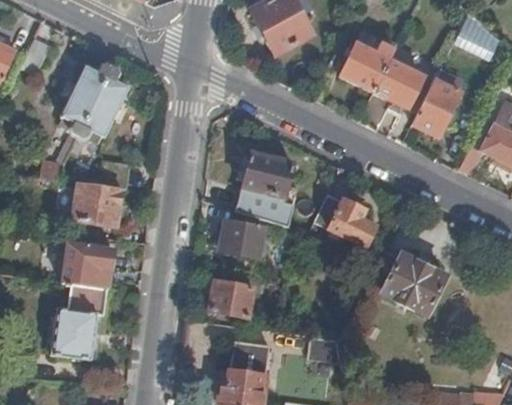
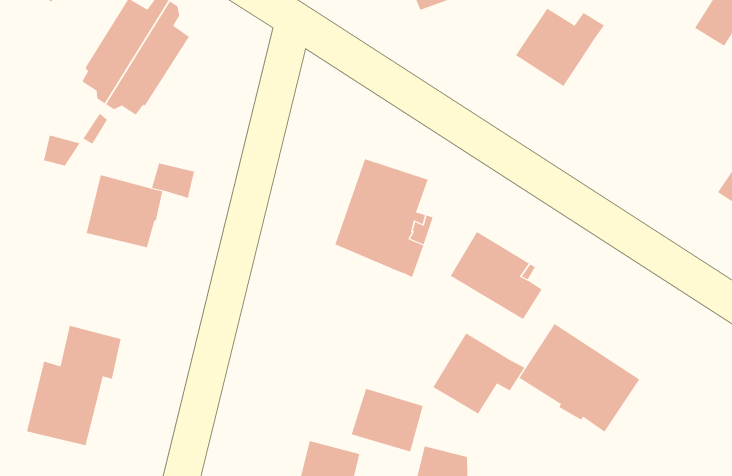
building: [373,58,424,108] -> none
building: [413,70,462,136] -> none
building: [219,221,264,258] -> none
building: [61,243,112,288] -> none
building: none -> [433,332,525,414]
building: [208,280,253,318] -> [351,388,424,452]

